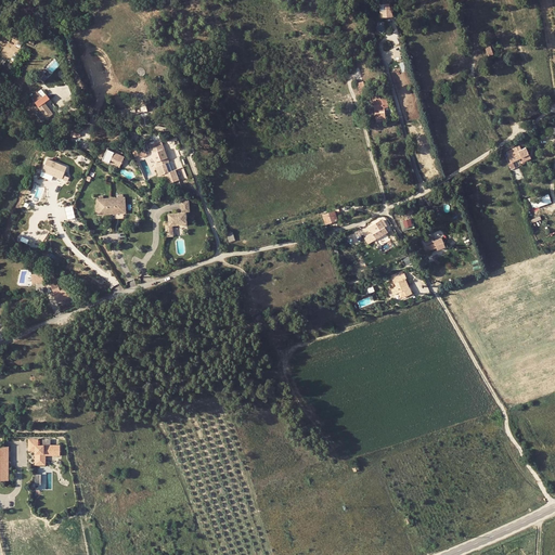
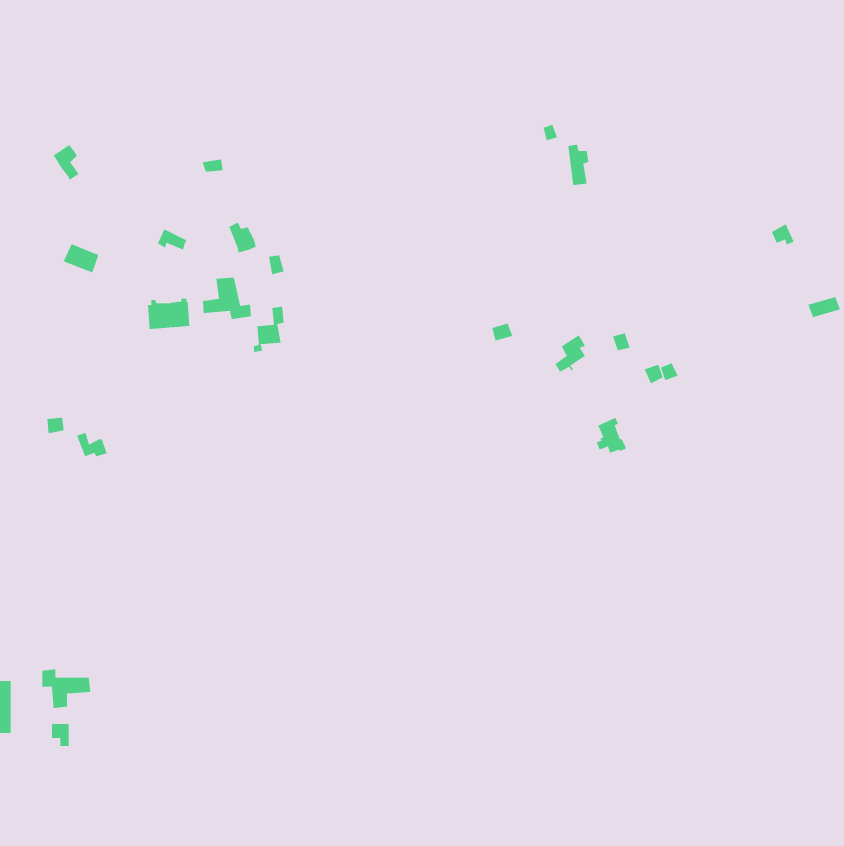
building: none -> [202,277,251,320]

